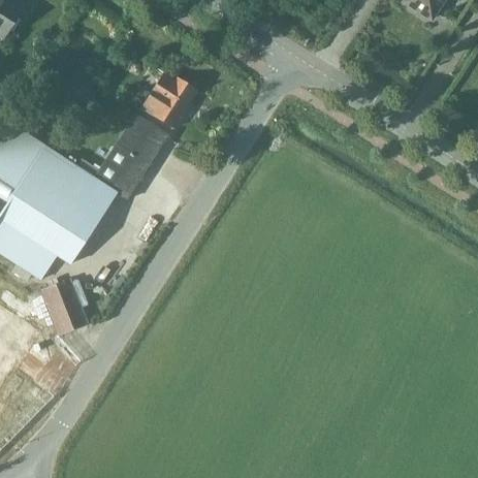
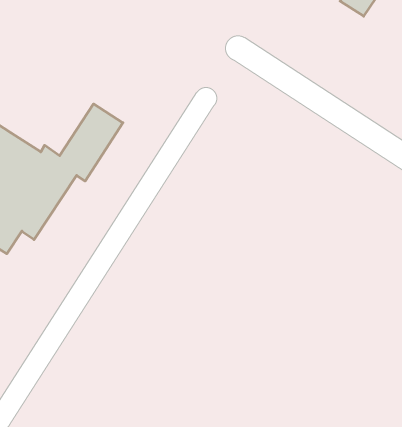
building: [138,72,195,127] -> none
building: [41,278,89,336] -> none

